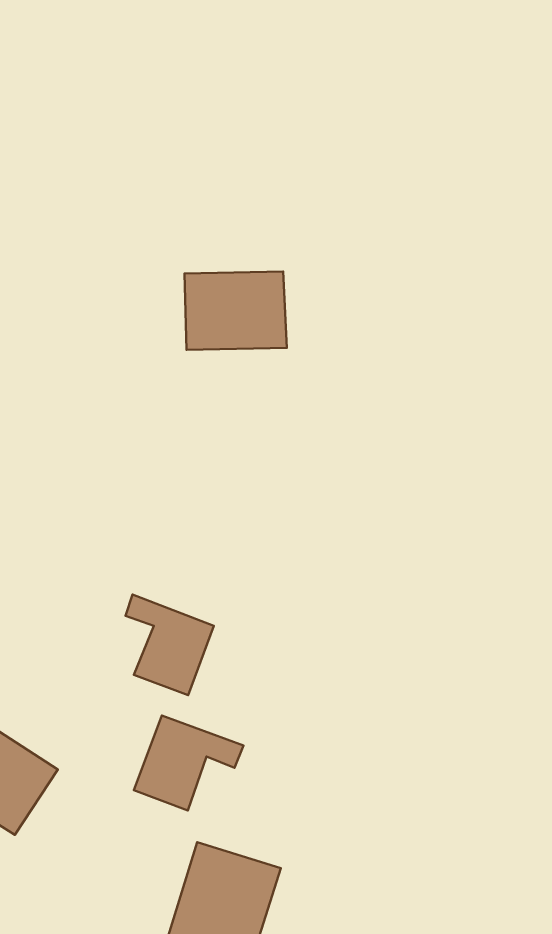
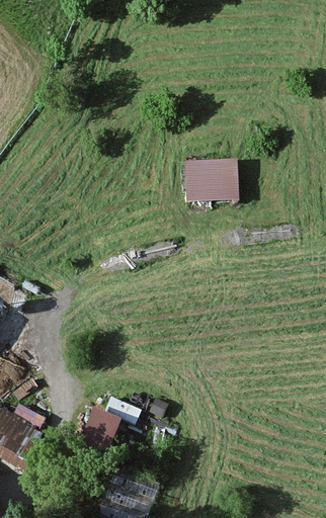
building: [185,272,287,350] -> [186,168,242,210]
building: [125,595,214,695] -> none

